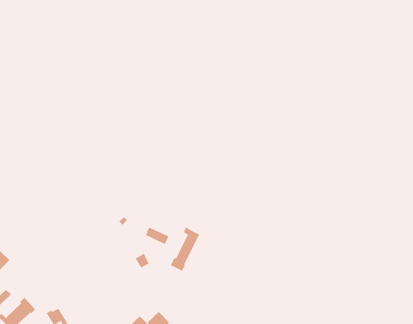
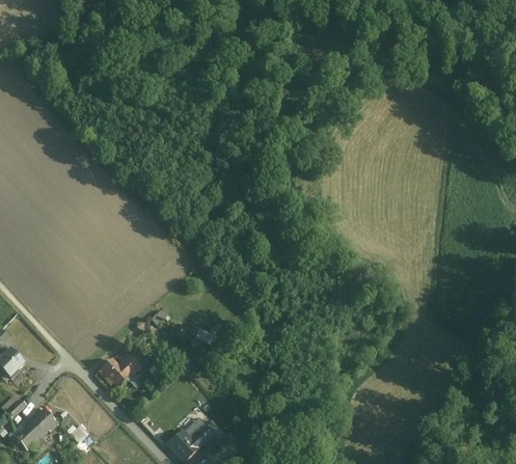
building: [170,226,200,271] -> none
building: none -> [99,357,140,389]

